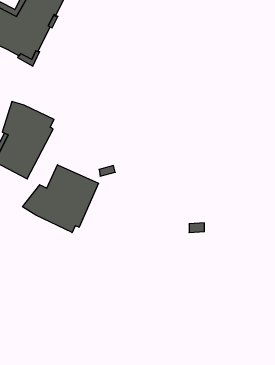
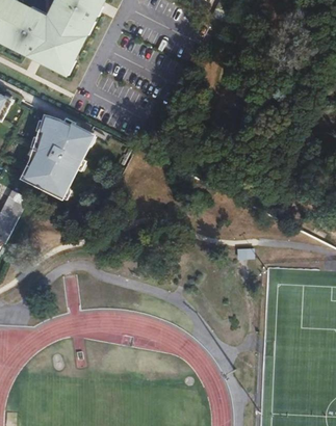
building: [23,165,98,233] -> none

